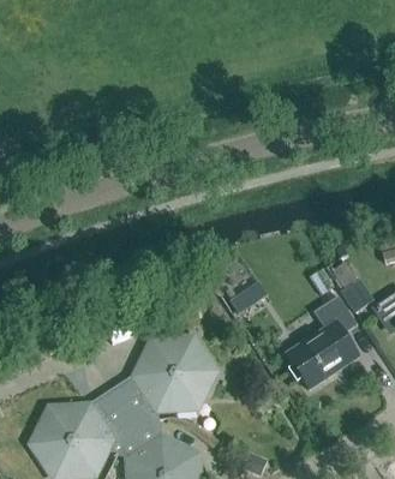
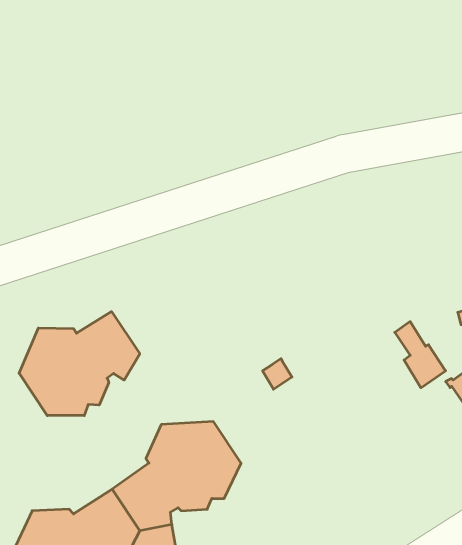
building: none -> [19,312,140,416]
building: [287,295,355,388] -> none

